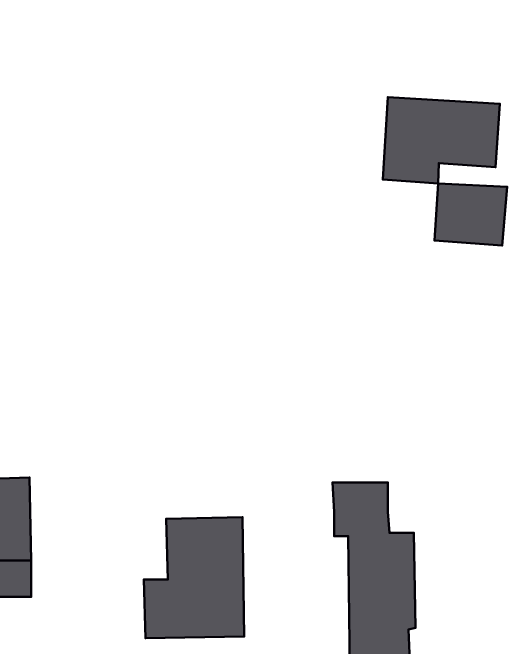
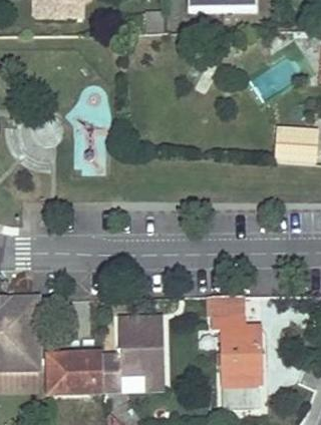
building: [383,97,500,183] -> none
building: none -> [47,355,106,394]

